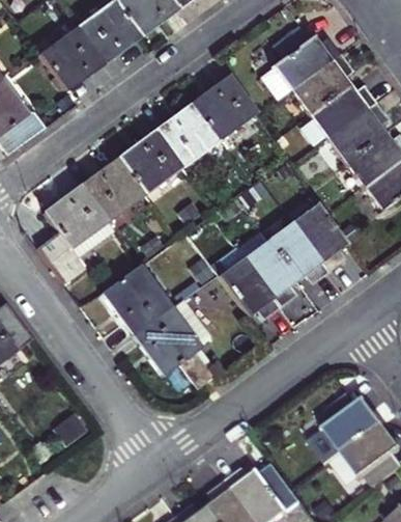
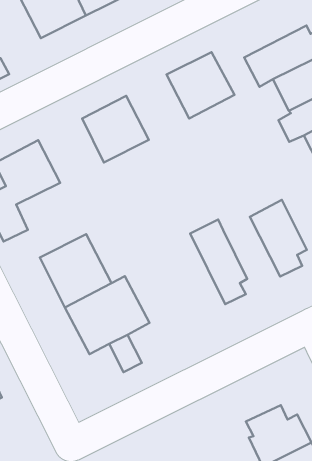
building: [156,103,219,166] -> none
building: [82,157,146,220] -> none
building: [267,222,327,283] -> none
building: [213,247,281,319] -> none

